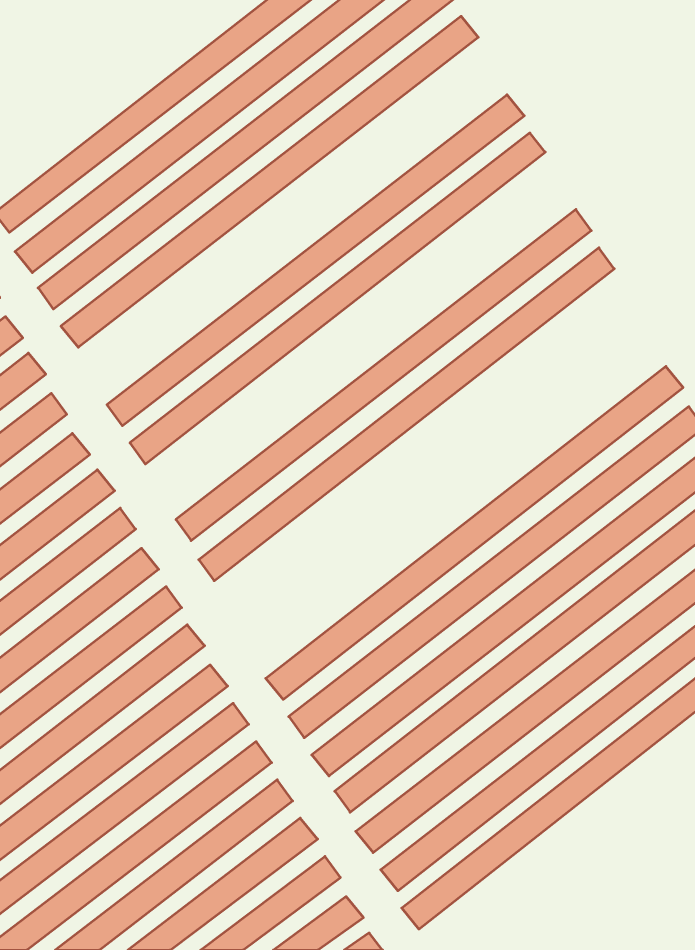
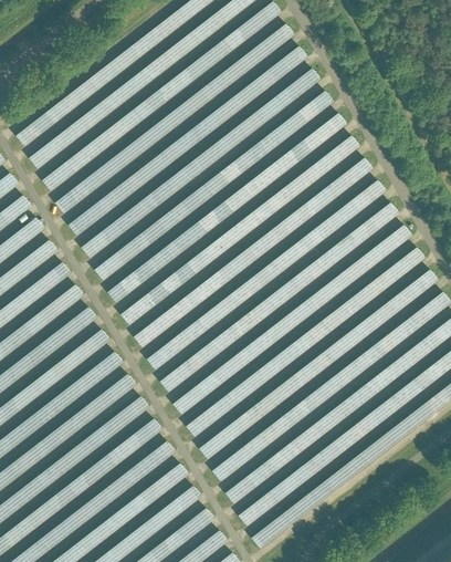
building: none -> [67,44,308,236]
building: none -> [105,112,346,303]
building: none -> [145,179,386,371]
building: none -> [157,201,398,393]

